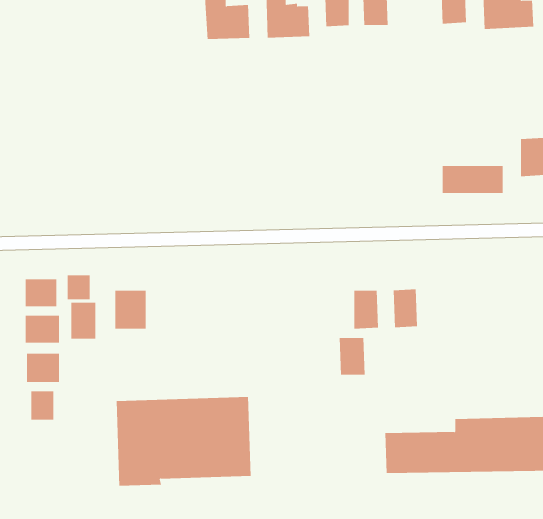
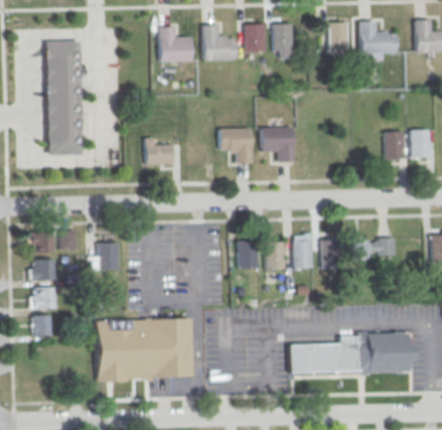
building: none -> [46,41,81,155]
building: none -> [261,127,294,162]
building: none -> [219,128,252,163]
building: none -> [145,137,173,164]
building: [442,165,503,193] -> [350,238,395,258]
building: none -> [322,240,340,268]
building: [71,302,96,339] -> none
building: [339,337,365,375] -> [238,241,257,268]

